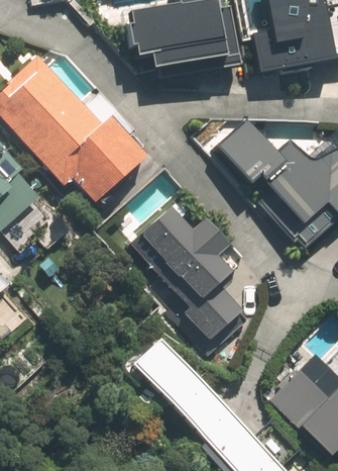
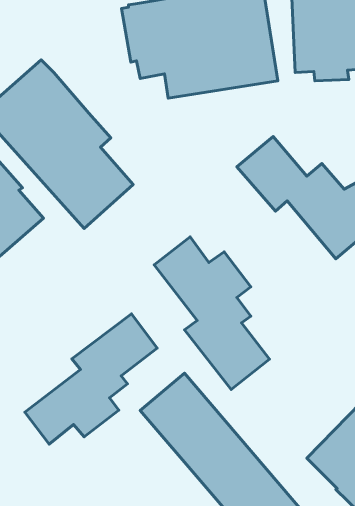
building: none -> [25,314,157,444]

